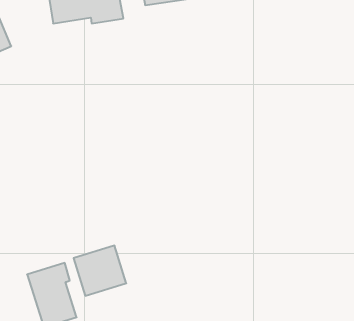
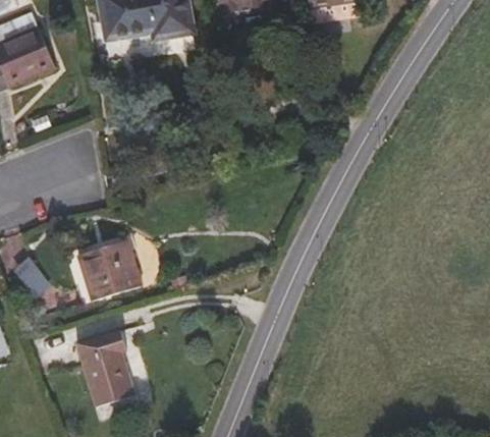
building: [74,246,126,296] -> [77,239,142,301]

